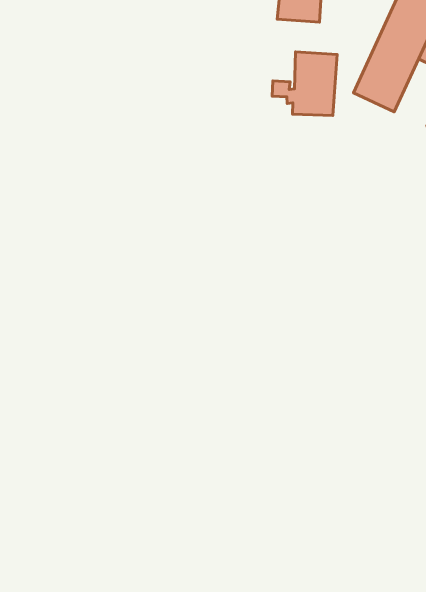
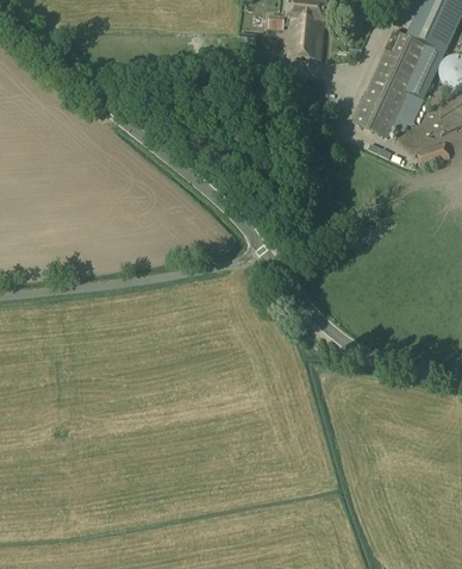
building: [272,52,337,116] -> none

